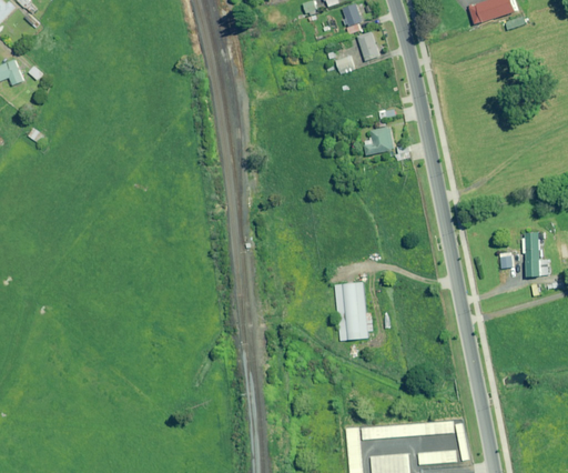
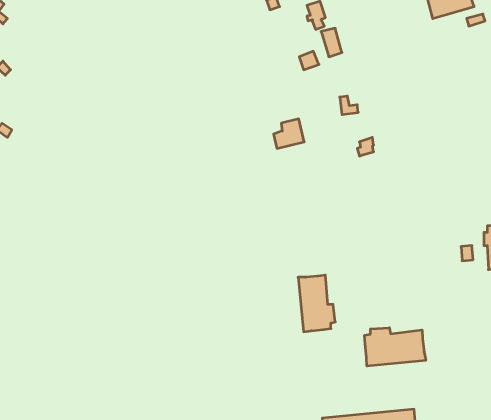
building: [364,125,395,155] -> [274,119,304,148]
building: none -> [365,328,426,366]

